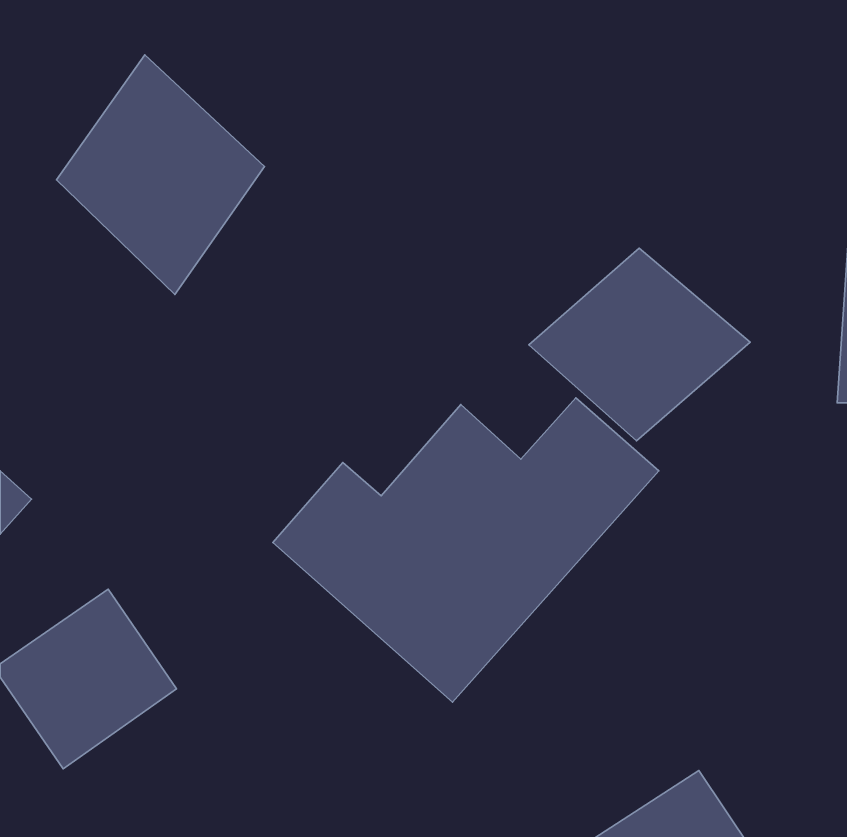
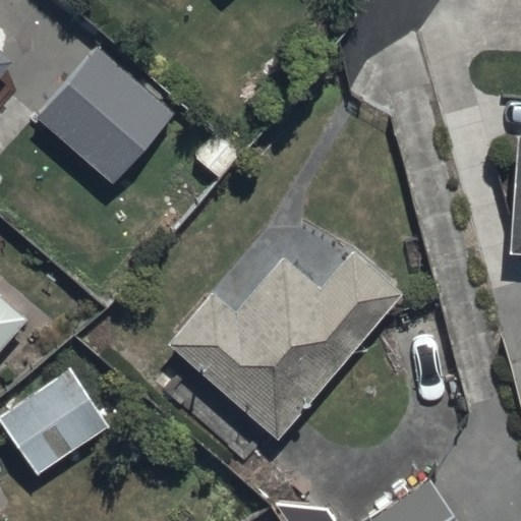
building: [529,248,750,441] -> none

